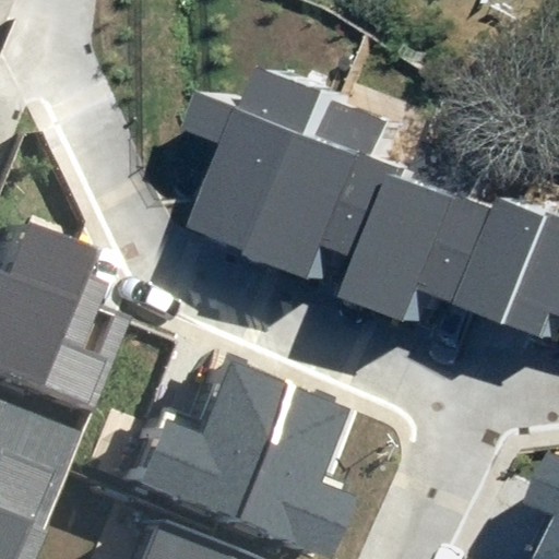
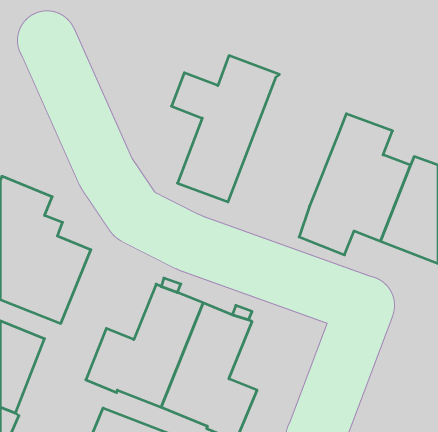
building: [288,105,431,287] -> none

